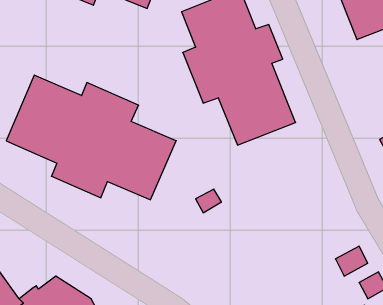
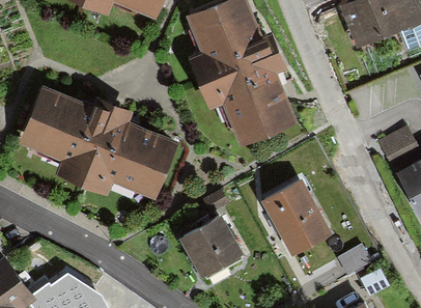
building: none -> [260,179,331,256]
building: none -> [178,216,244,280]

